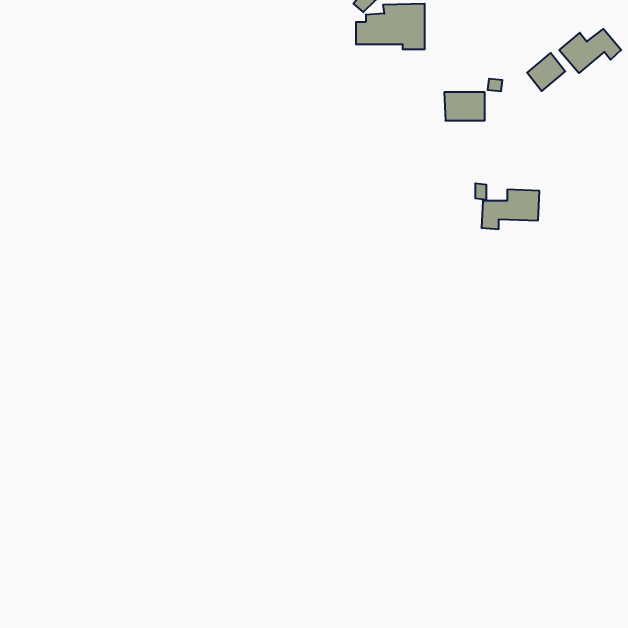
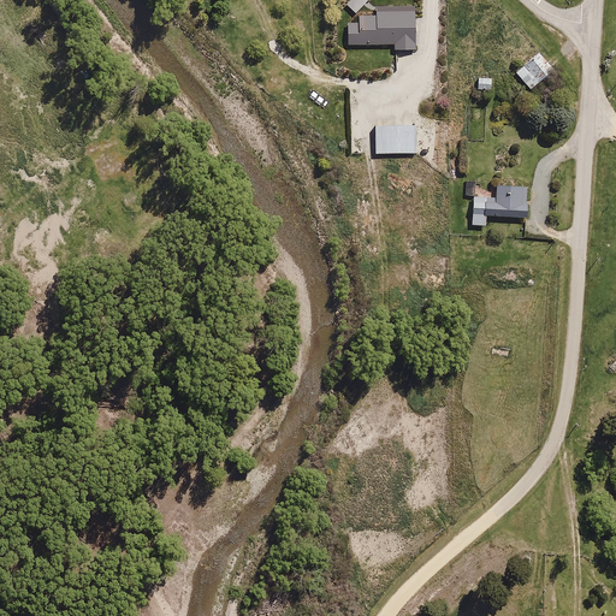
building: [559,29,621,73] -> none
building: [444,92,485,121] -> [375,125,415,153]

